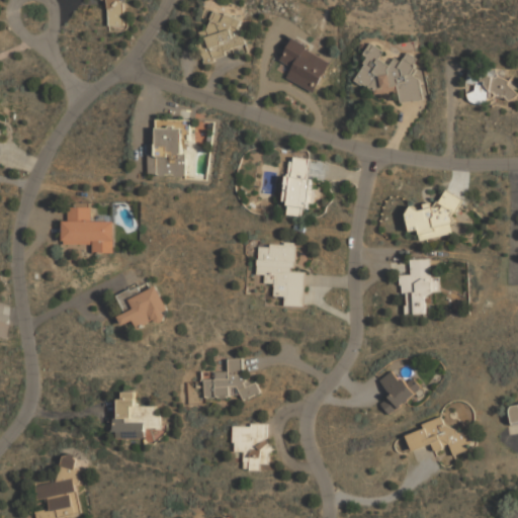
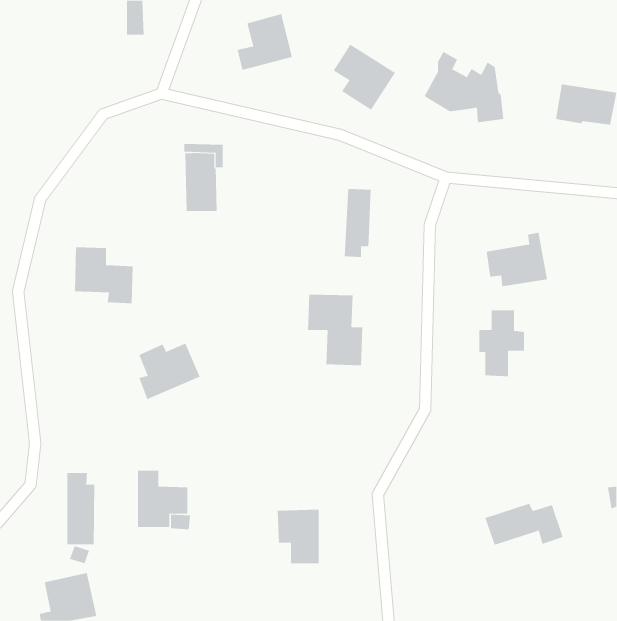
building: [202,358,257,398] -> none
building: [378,369,413,415] -> none
building: none -> [67,472,95,545]

